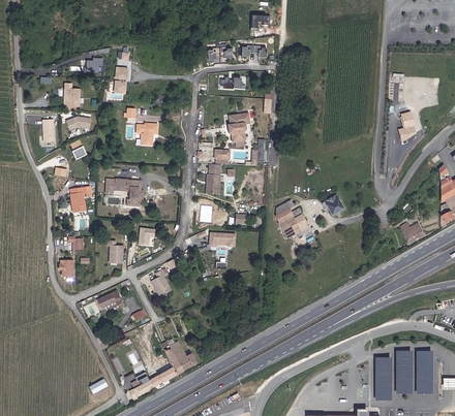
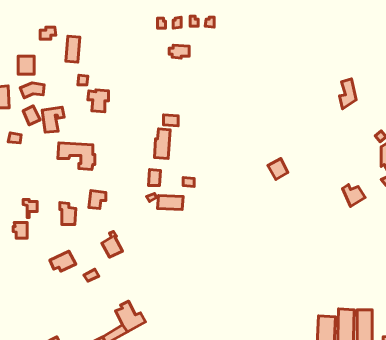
building: [229,113,251,141] -> none
building: [70,186,93,212] -> [42,107,64,132]
building: [276,200,310,238] -> none

